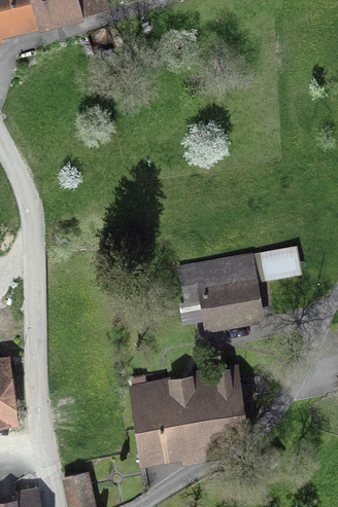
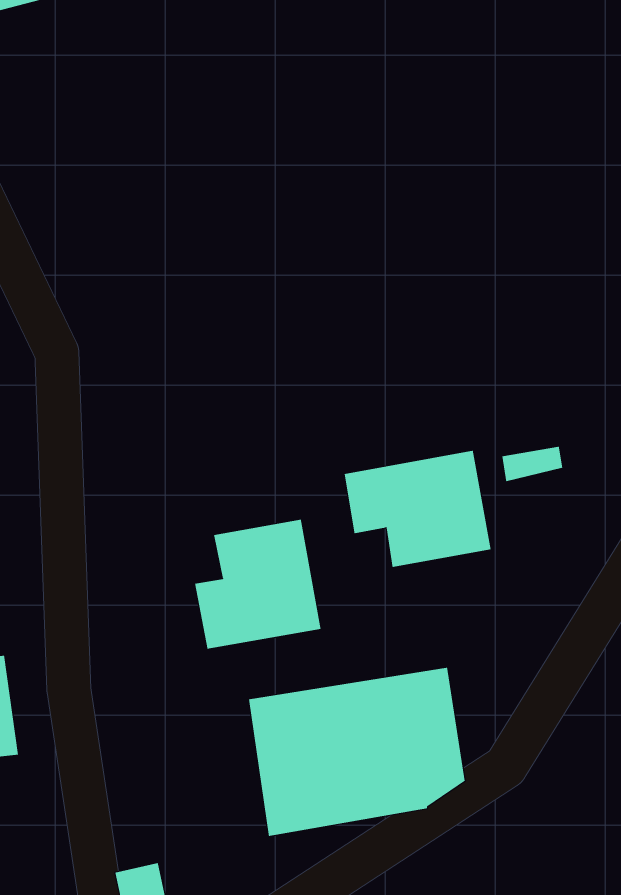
building: none -> [195,519,321,649]

